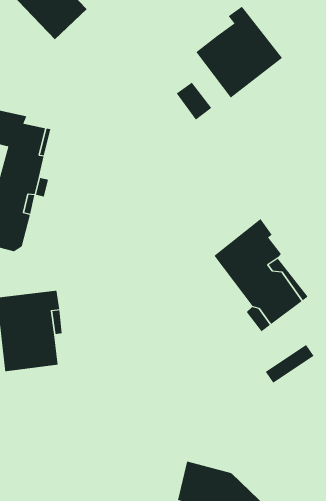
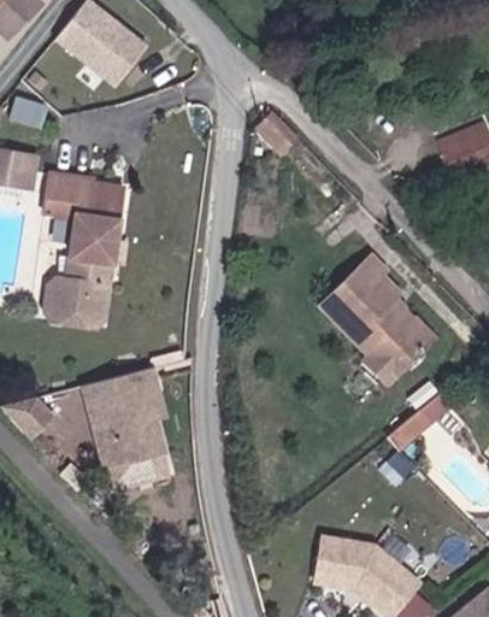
building: [195,6,283,98] -> none

